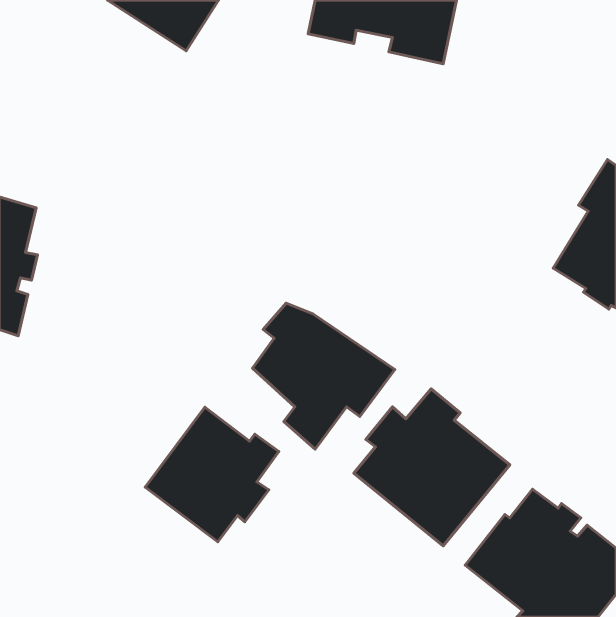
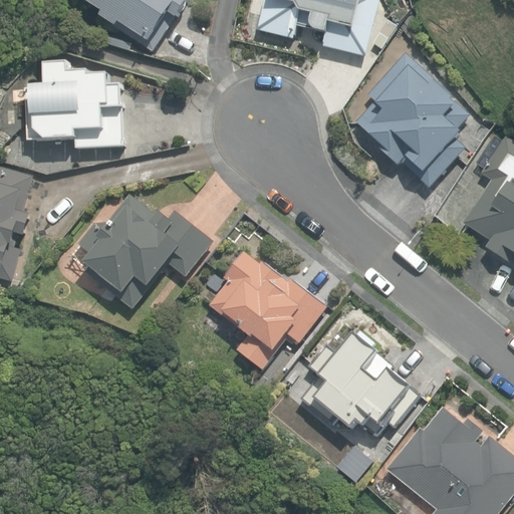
building: none -> [353,49,473,185]
building: none -> [28,59,126,146]
building: none -> [79,191,213,309]
building: [145,407,279,542] -> none

